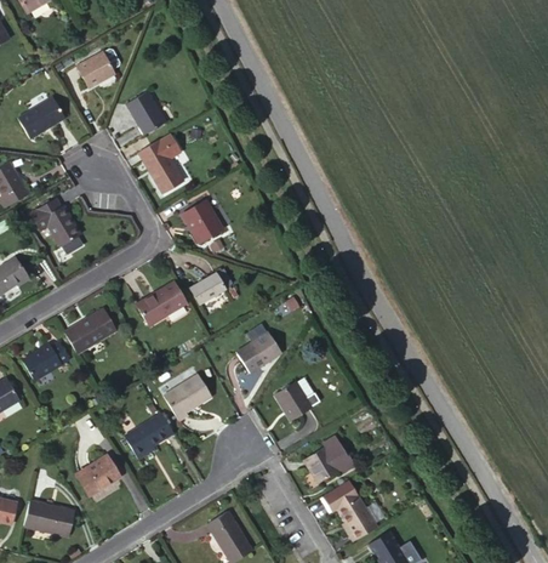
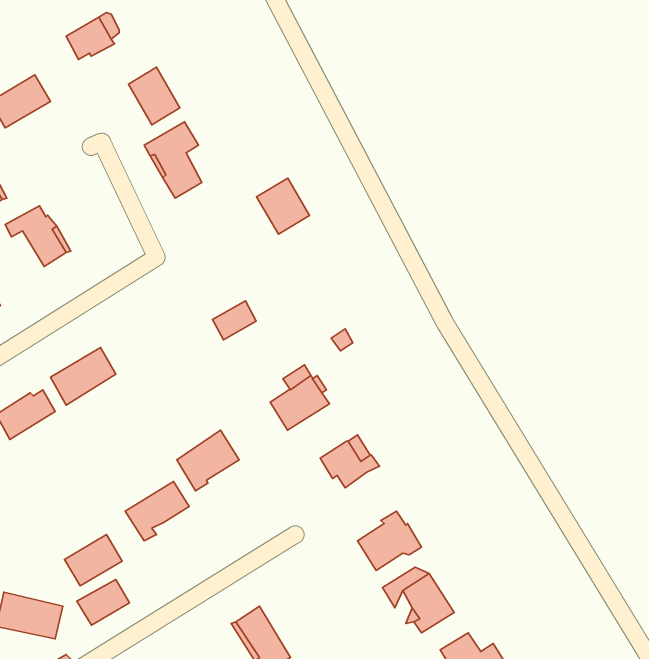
building: [182,200,223,244] -> [257,178,310,234]
building: [136,283,187,326] -> none
building: none -> [77,579,130,625]

